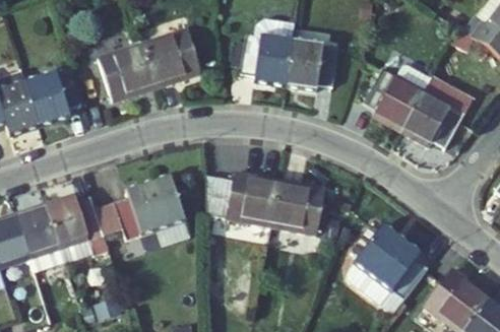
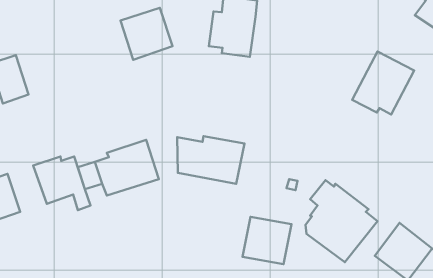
building: [287,39,337,87] -> none
building: [99,43,157,101] -> none
building: [363,65,429,131] -> none
building: [25,67,83,125] -> none
building: [271,180,326,233] -> [242,217,292,264]
building: [16,204,64,270] -> none

